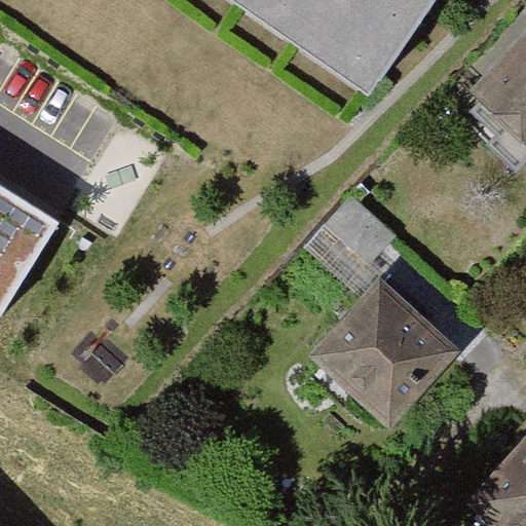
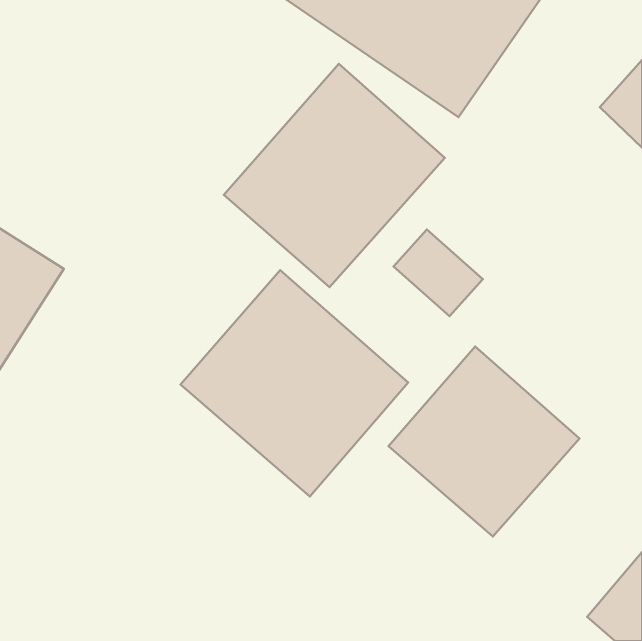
building: none -> [224,64,445,287]
building: none -> [181,270,408,497]

